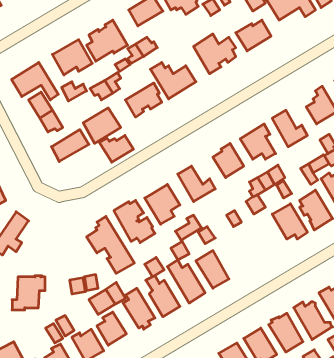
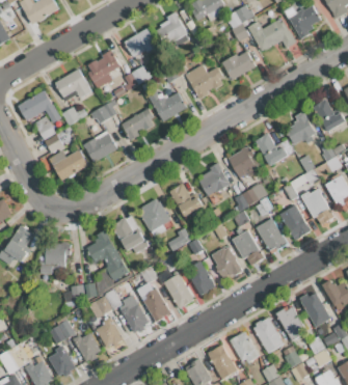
building: [99,135,133,162] -> none
building: none -> [232,229,265,266]
building: none -> [212,247,243,279]
building: [12,276,45,310] -> [41,242,71,273]

